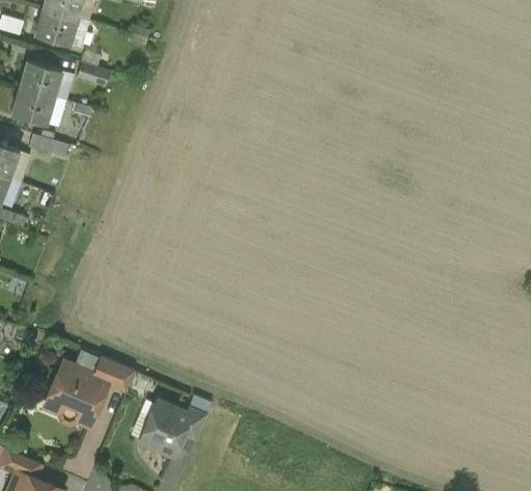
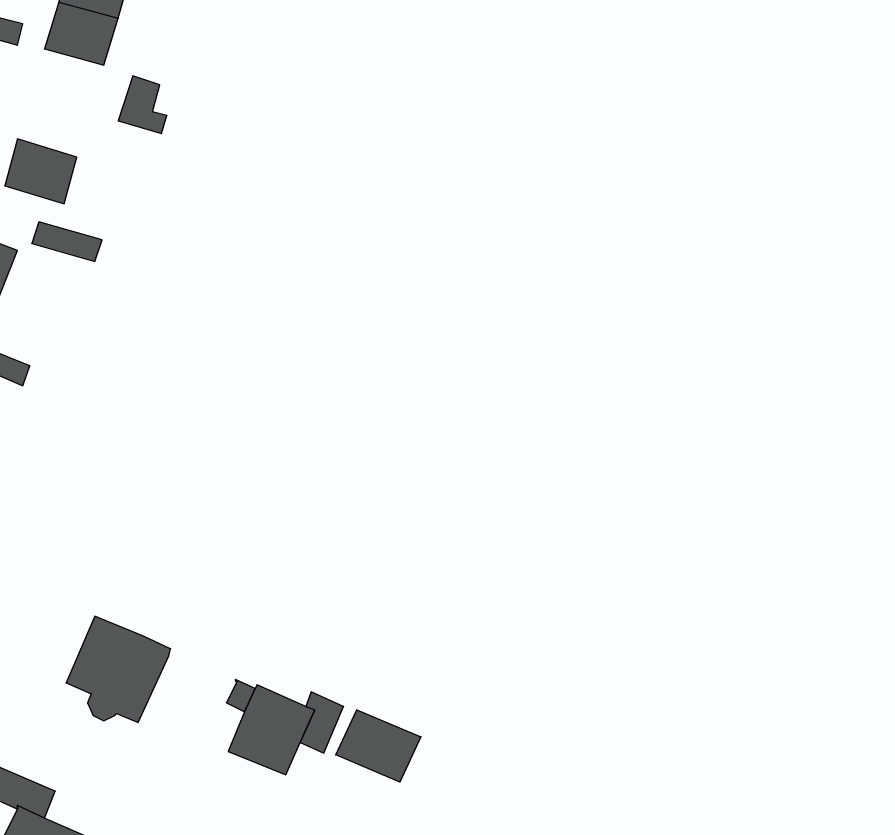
building: [20,61,62,98] -> none
building: [92,355,136,392] -> none
building: none -> [336,710,421,782]

